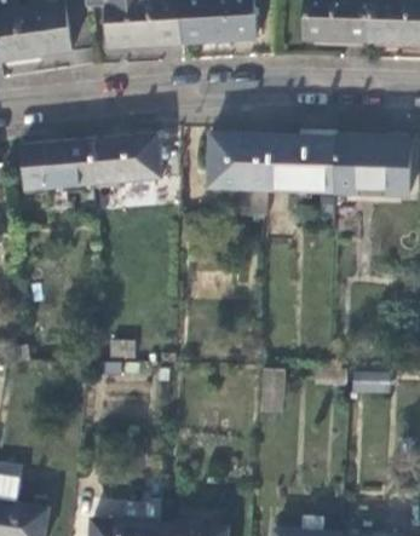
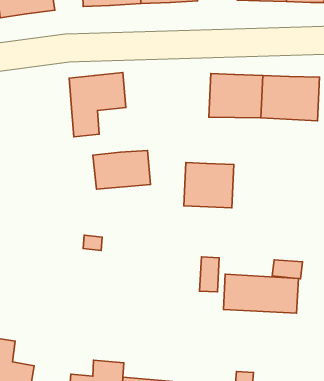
building: [207,132,271,190] -> [184,162,234,208]
building: [19,140,93,190] -> [93,150,150,189]
building: none -> [223,274,298,313]

